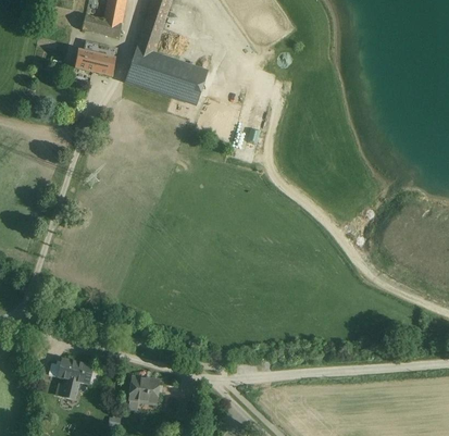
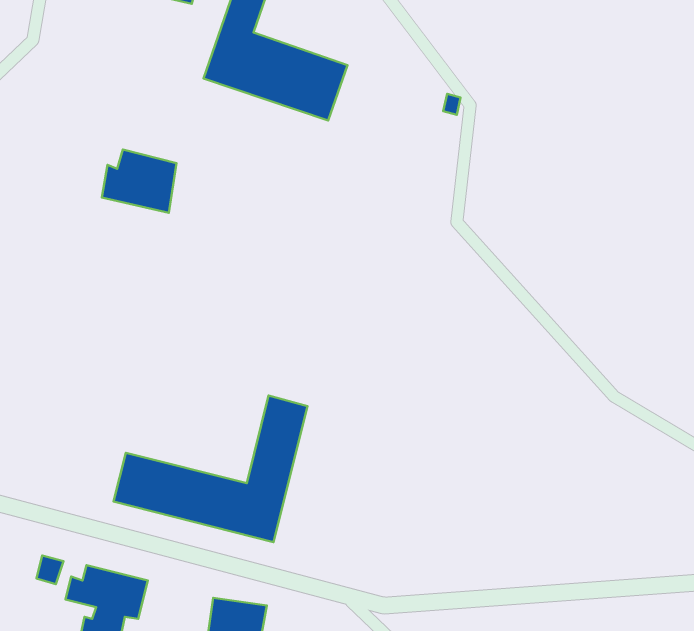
building: [74,41,116,77] -> [102,150,177,213]
building: none -> [114,396,307,542]

